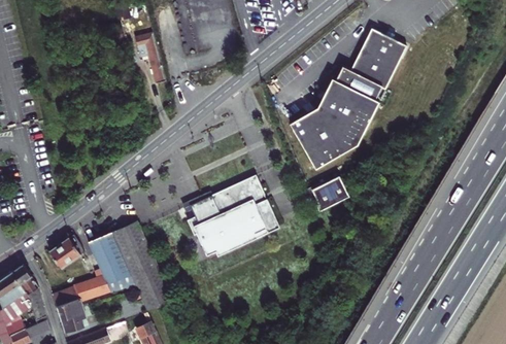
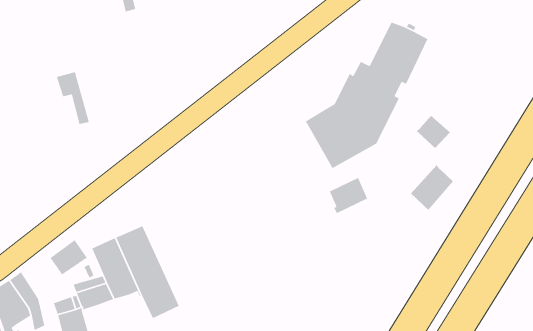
building: [133,33,165,83] -> [56,71,90,125]
building: none -> [415,115,451,149]
building: none -> [410,164,454,211]
building: [185,175,278,256] -> none

